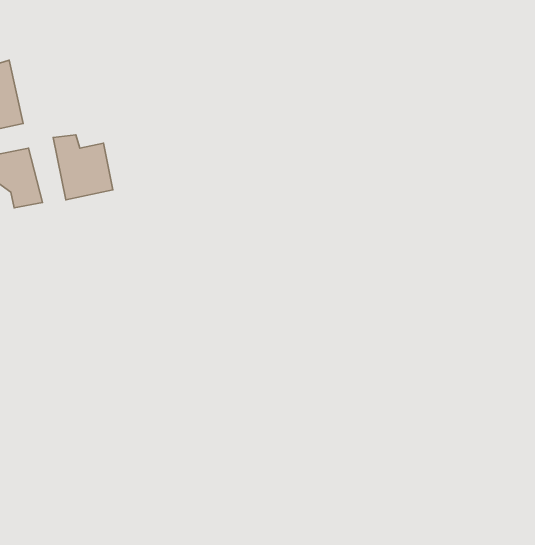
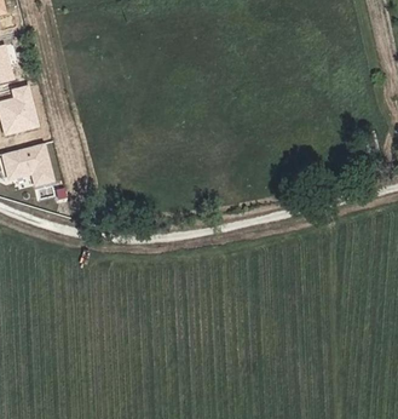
building: [53,135,113,200] -> none

